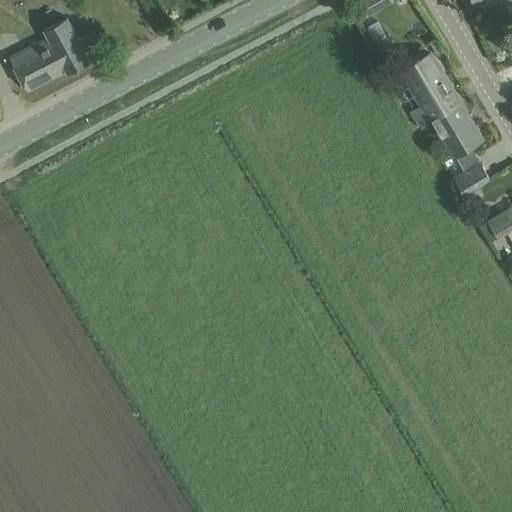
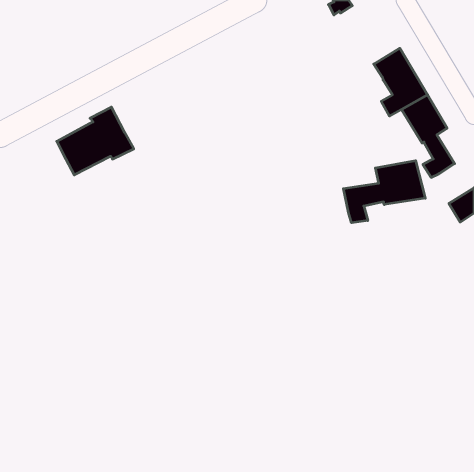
building: [8,19,91,92] -> [57,107,134,175]
building: none -> [343,161,425,223]

